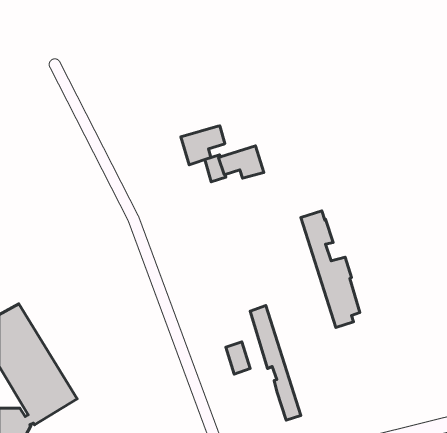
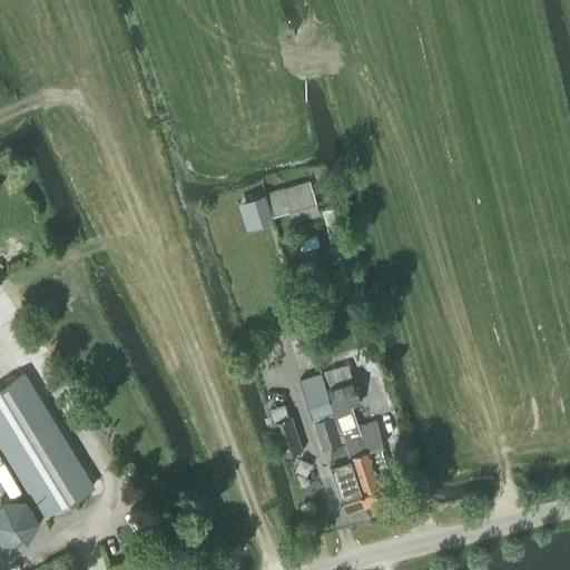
building: [181,126,225,165] -> none
building: [301,211,360,327] -> [321,367,392,508]

